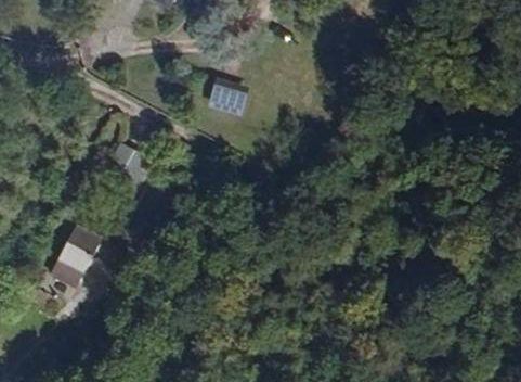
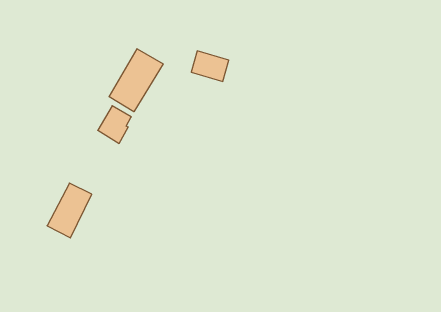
building: none -> [109,49,163,112]

